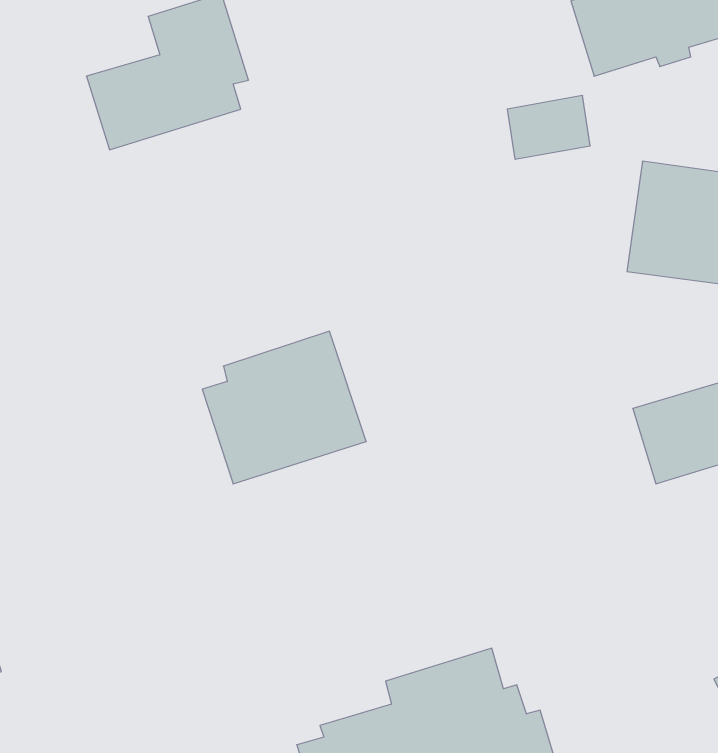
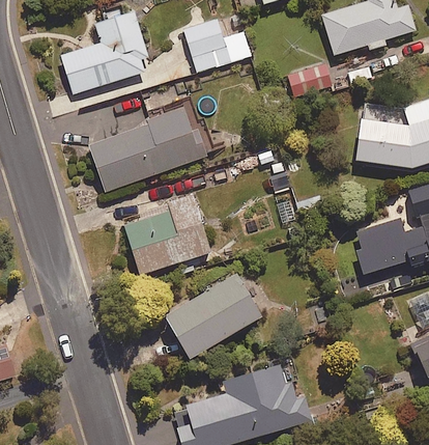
building: none -> [183,22,250,74]
building: none -> [86,106,209,194]
building: none -> [165,273,262,358]

